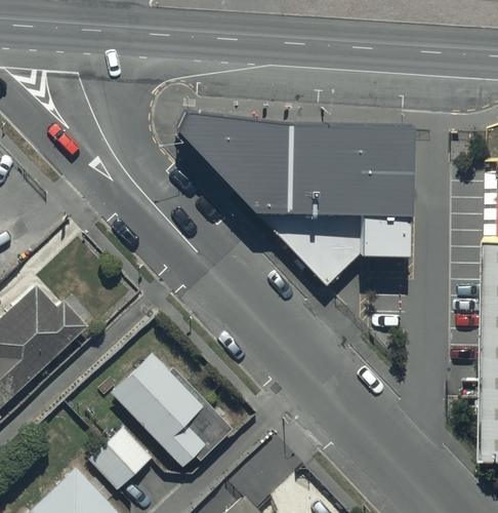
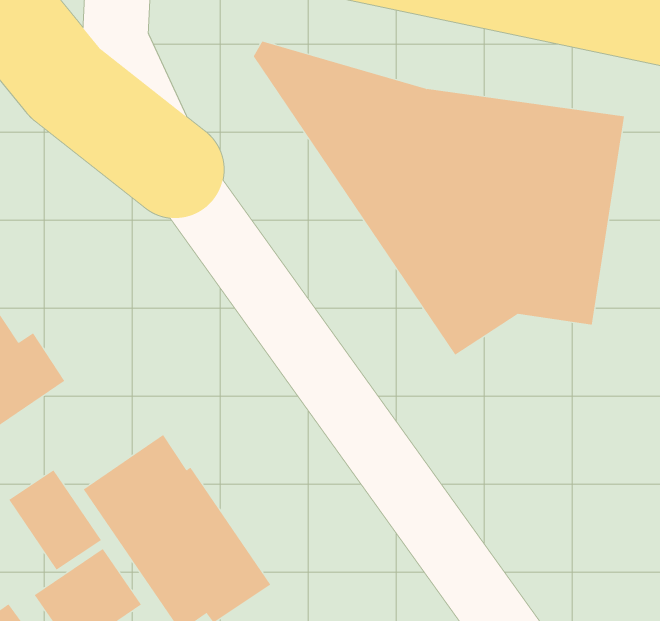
building: none -> [8,470,102,570]

